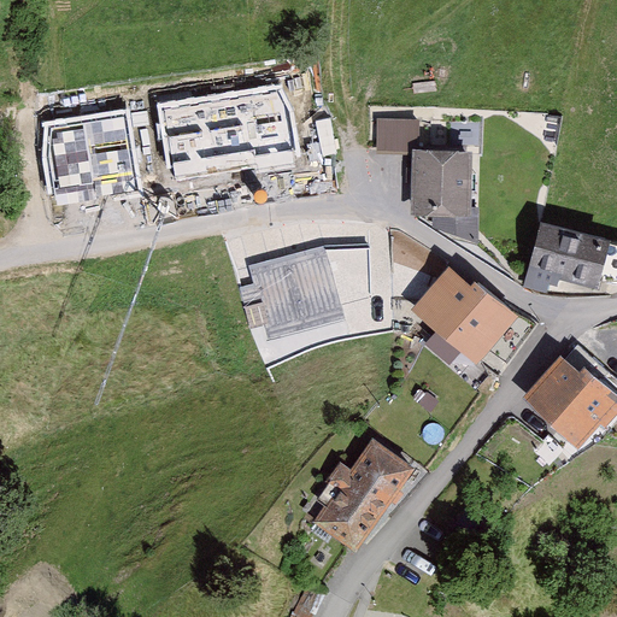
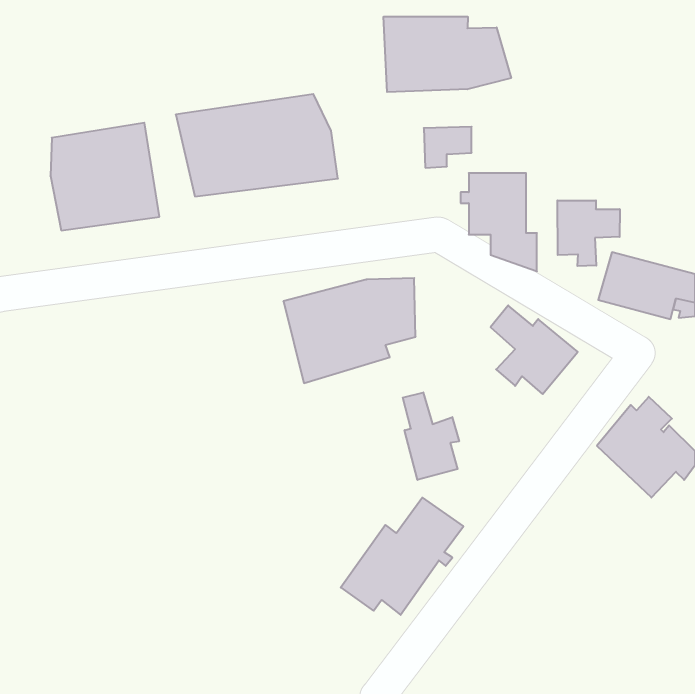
building: none -> [384,17,511,92]
building: none -> [557,200,620,266]
building: none -> [403,392,459,480]

